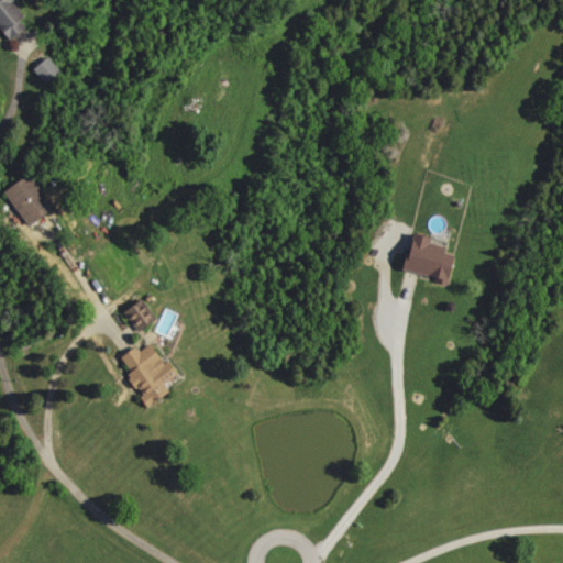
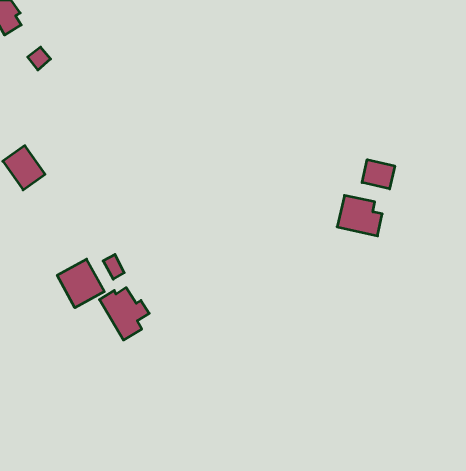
building: none -> [362,160,395,189]
building: none -> [57,259,104,308]

